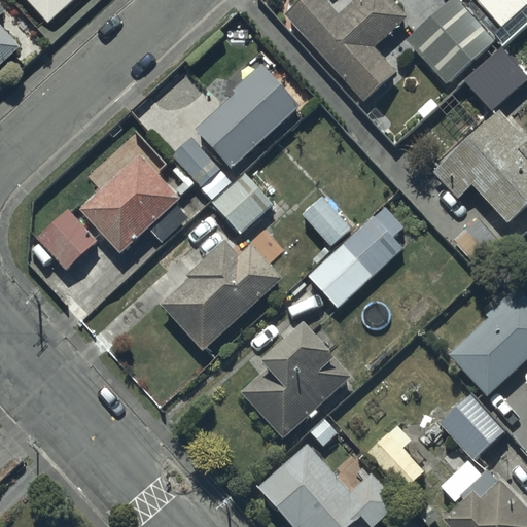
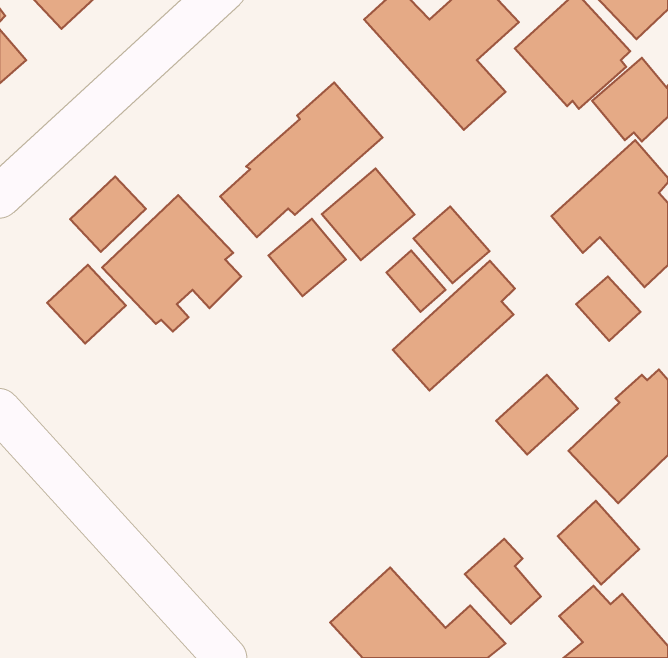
building: none -> [322,168,414,260]
building: none -> [70,176,146,252]
building: none -> [413,206,489,283]
building: [162,242,283,352] -> none
building: none -> [496,375,578,455]
building: [241,326,350,438] -> none

